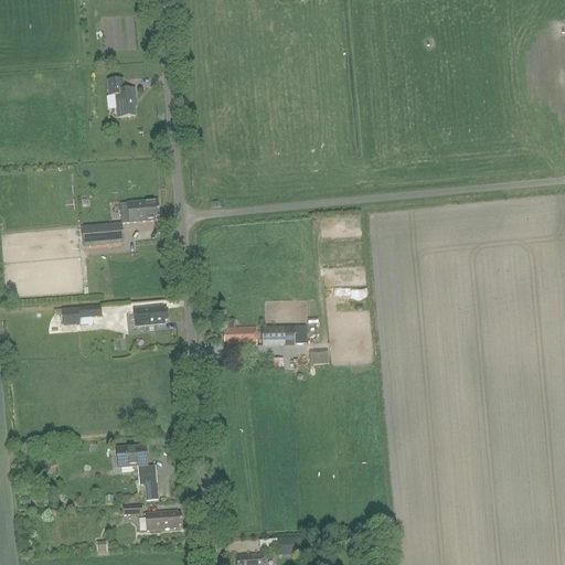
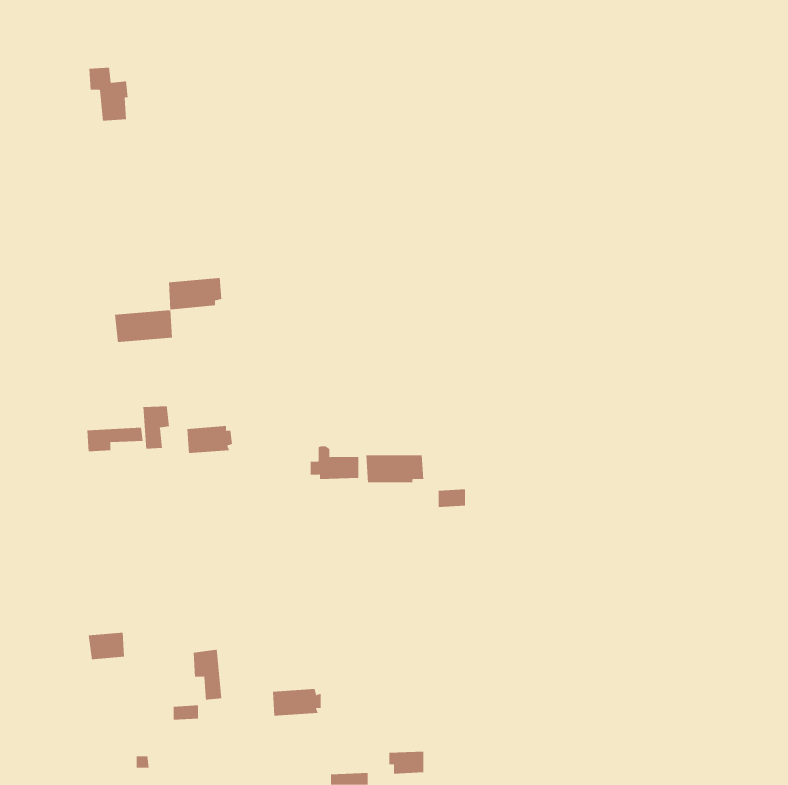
building: [108,77,137,116] -> [88,67,128,121]
building: none -> [143,406,169,450]
building: [117,446,143,466] -> [88,632,125,660]
building: [147,509,182,529] -> [272,688,321,716]

